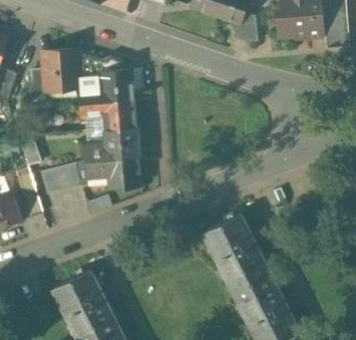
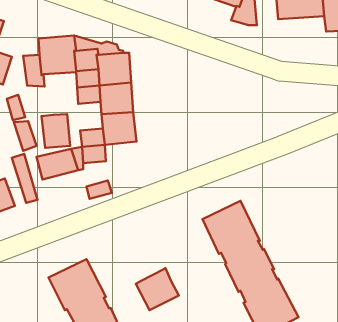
building: none -> [41,114,70,148]
building: [107,156,140,188] -> none
building: none -> [136,268,179,310]

